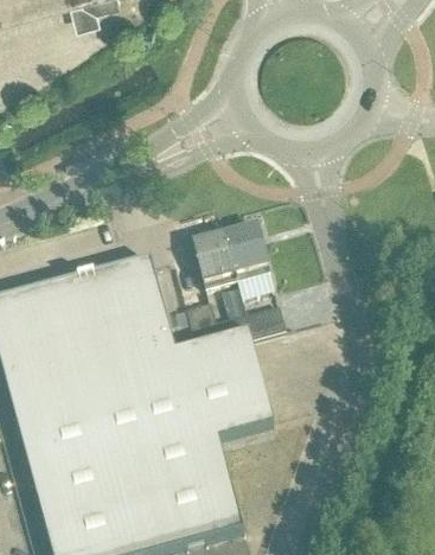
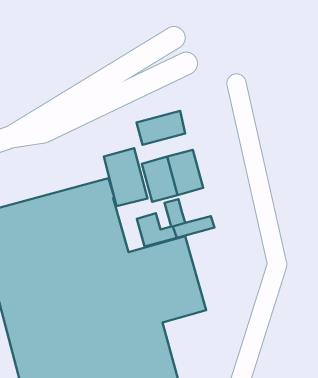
building: none -> [136,111,185,145]
building: none -> [104,148,148,206]

